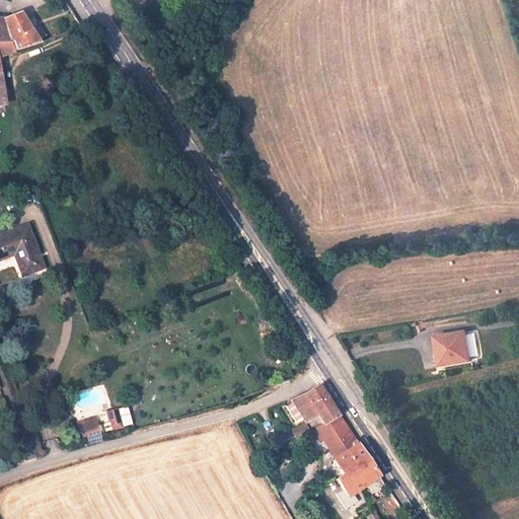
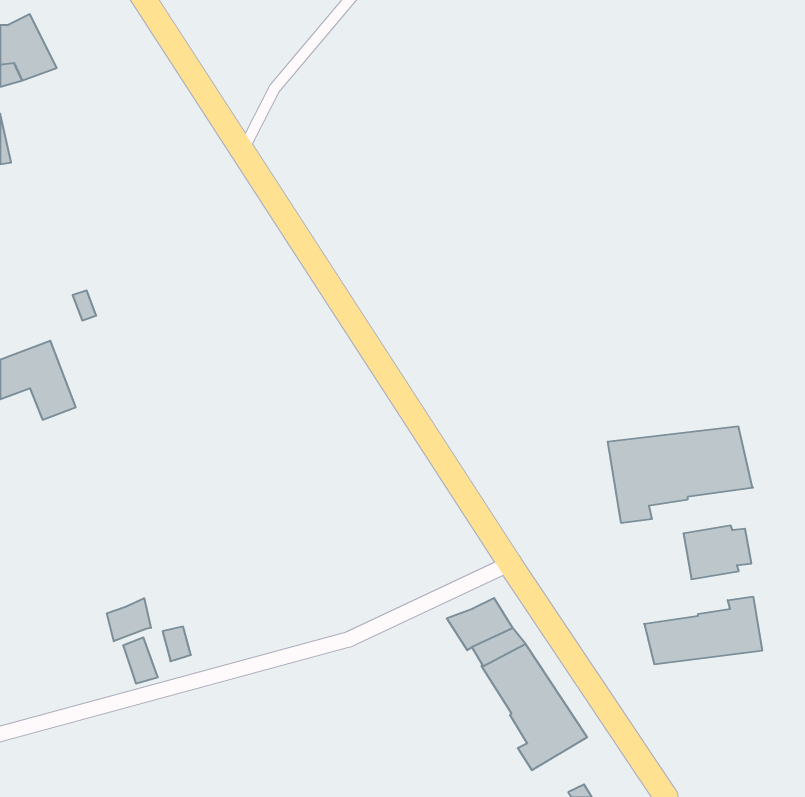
building: none -> [608,426,753,523]
building: none -> [644,597,762,664]
building: none -> [107,598,151,641]

